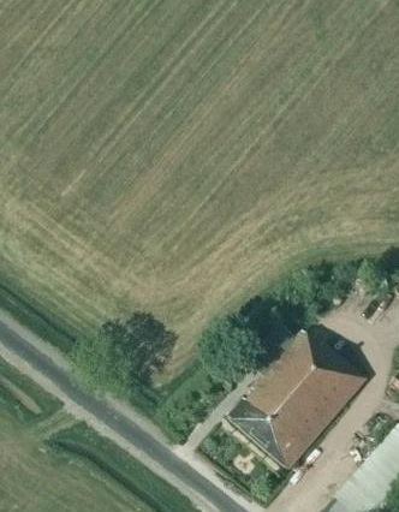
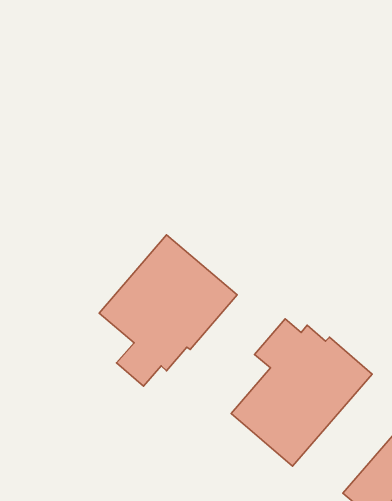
building: none -> [99,235,237,386]

